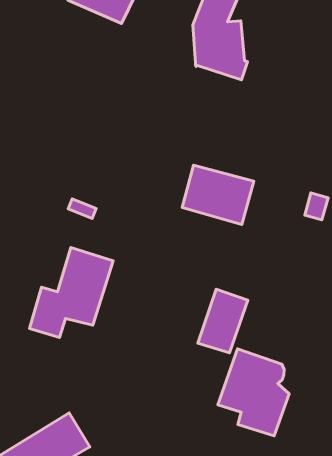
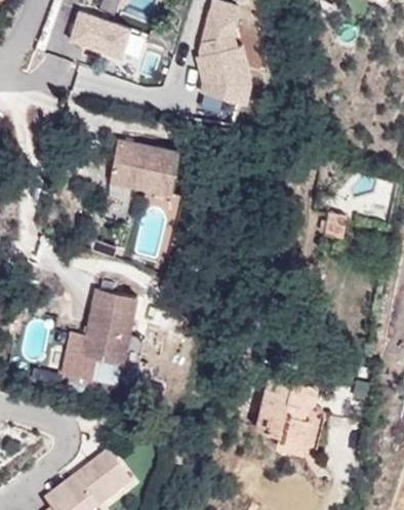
building: [182,165,254,224] -> [111,140,179,194]
building: [198,289,248,353] -> none

